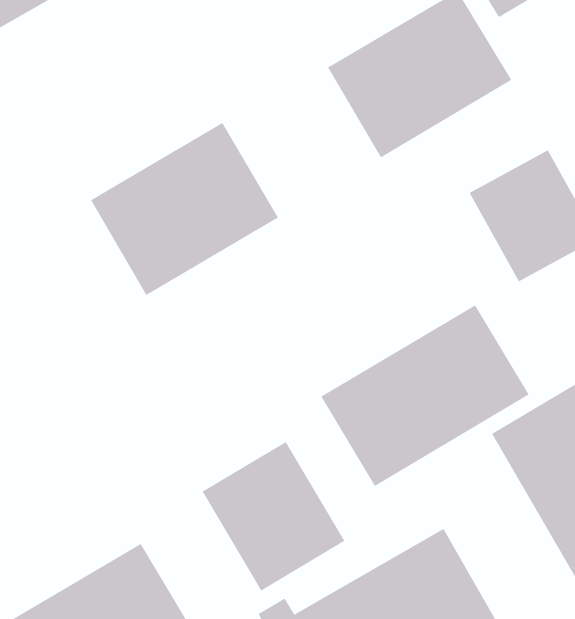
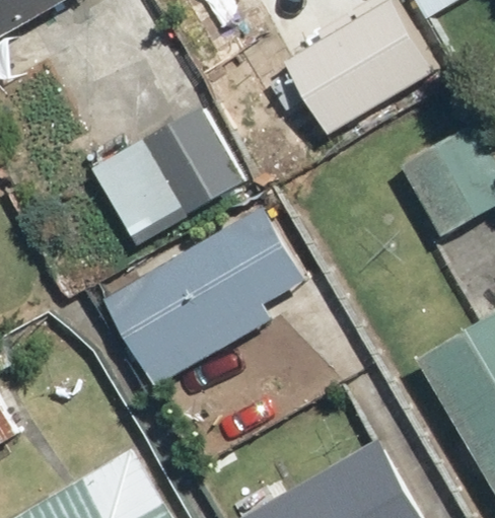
building: none -> [101,207,306,388]
building: [321,304,529,487] -> none
building: [202,441,345,592] -> none

